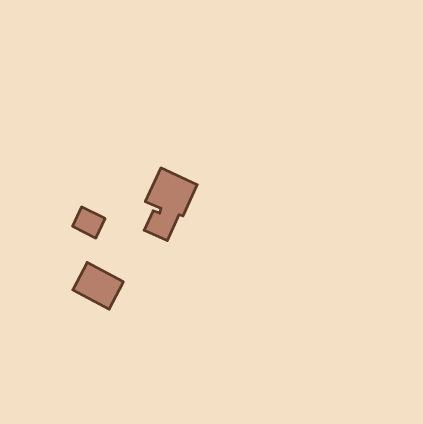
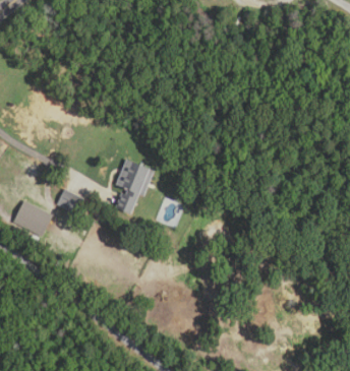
building: [73,262,123,309] -> [12,200,52,237]

